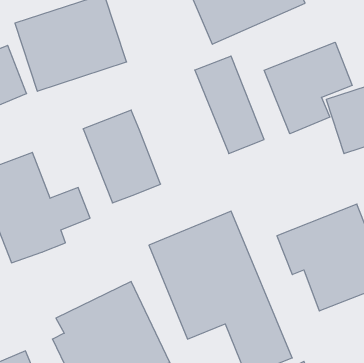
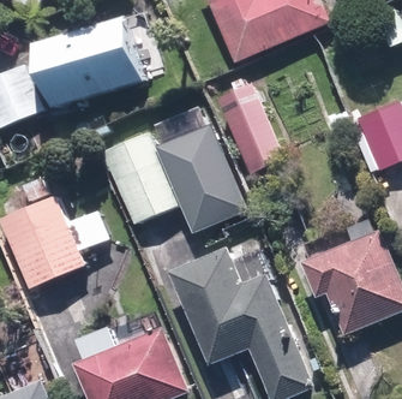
building: [264,42,352,134] -> none
building: none -> [158,126,248,233]

